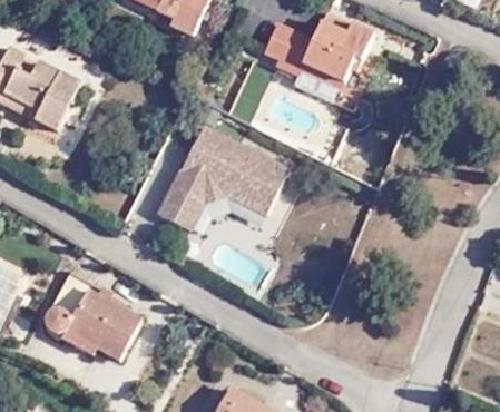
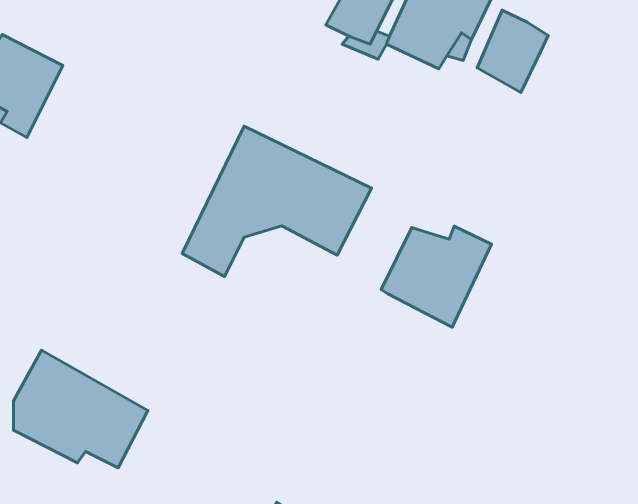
building: none -> [477,10,548,93]
building: none -> [381,226,491,327]

